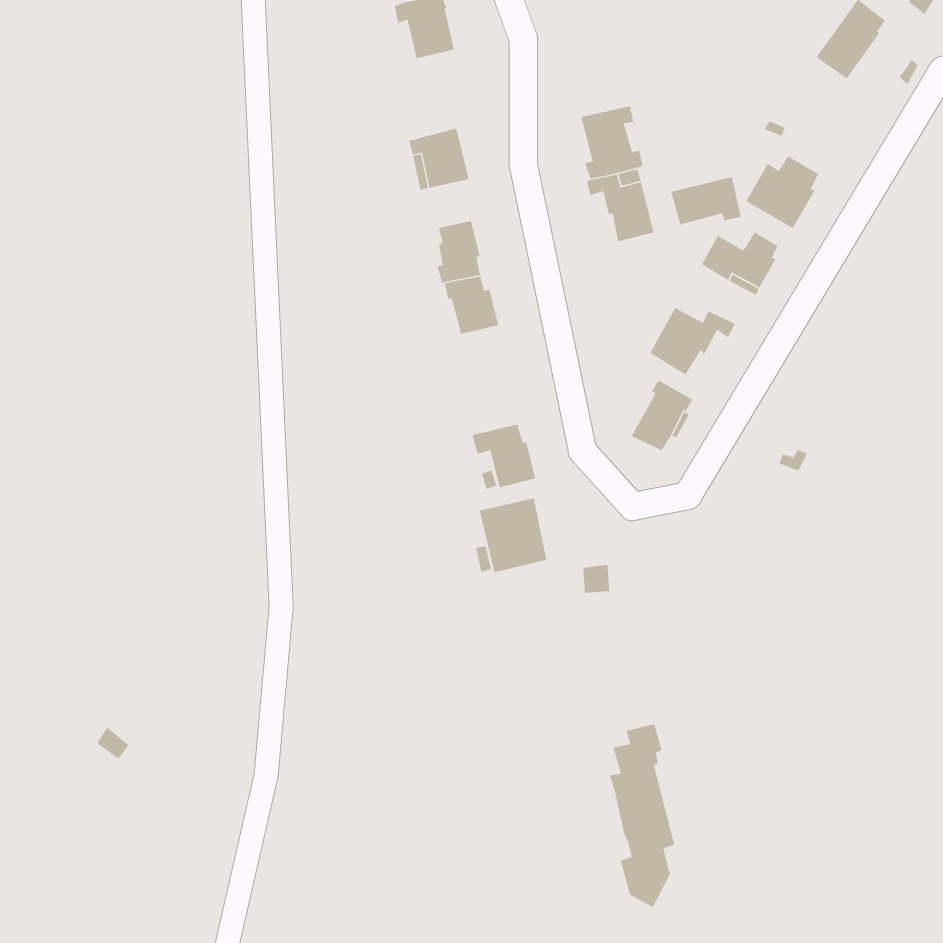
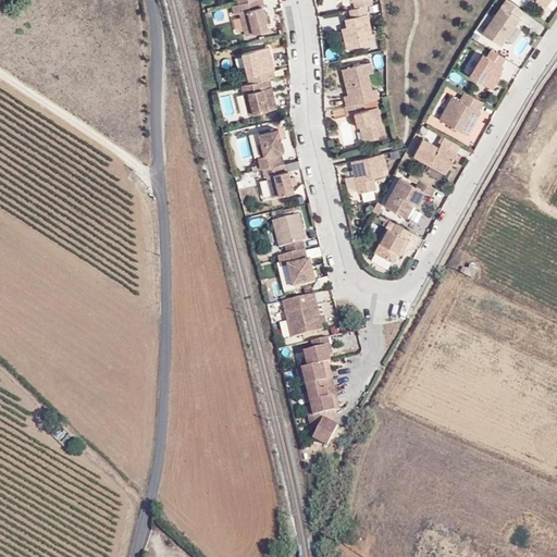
building: none -> [342,4,374,48]
building: none -> [240,45,274,81]
building: none -> [468,49,505,88]
building: [670,176,742,226] -> none
building: none -> [350,156,386,197]
building: none -> [272,214,306,253]
building: [609,723,675,908] -> [301,338,341,447]

